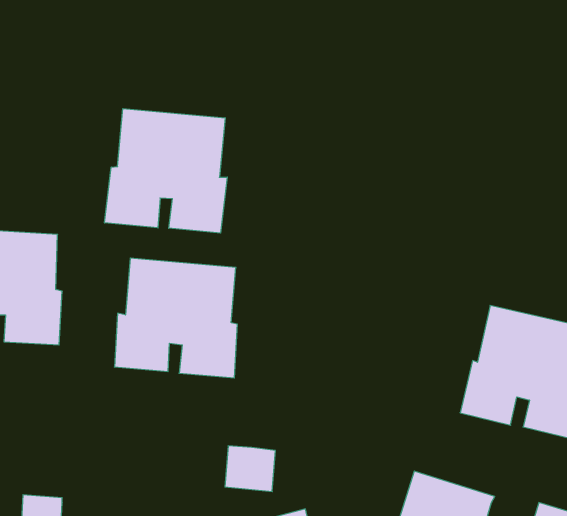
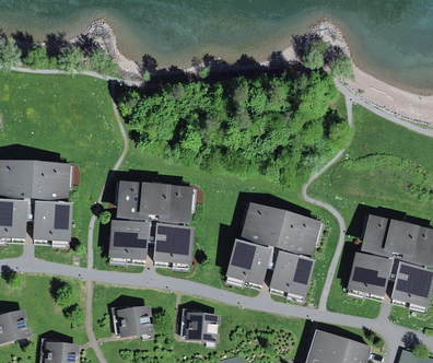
building: [105,109,227,233] -> none
building: none -> [225,202,320,295]
building: none -> [118,308,148,333]

